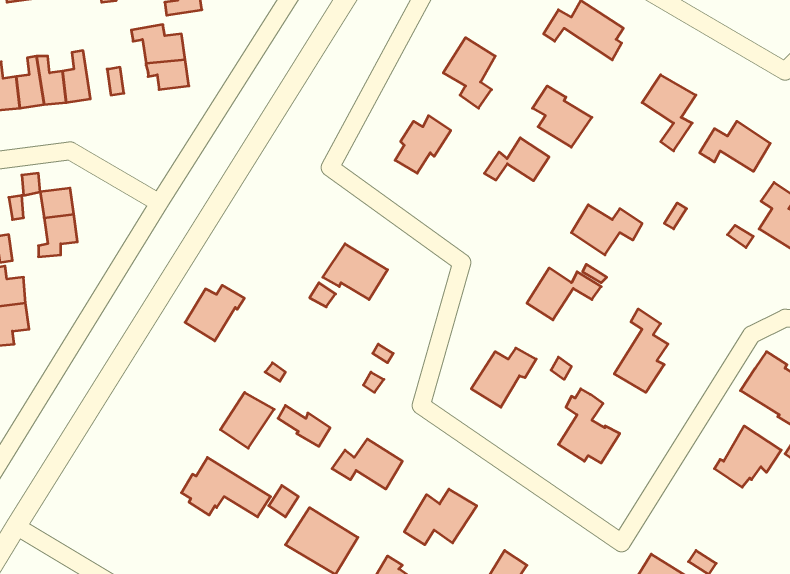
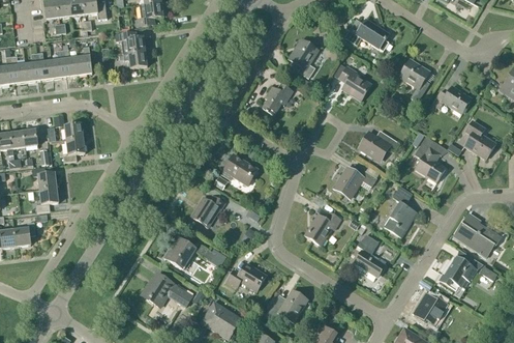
building: [484,138,549,181] -> none
building: none -> [414,138,446,182]
building: [185,285,244,341] -> [191,196,224,227]
building: none -> [415,293,448,324]

